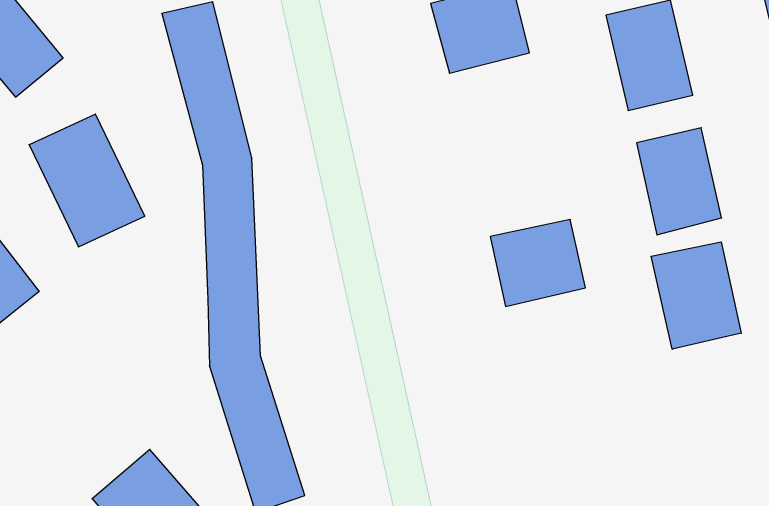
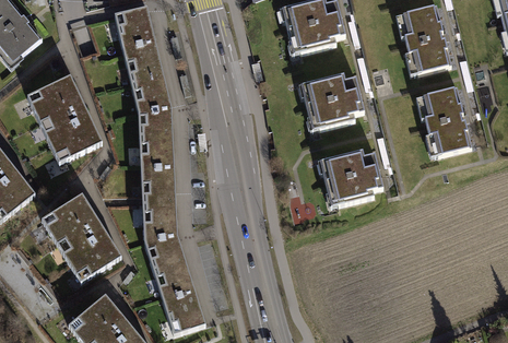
building: none -> [308,70,366,126]
building: [651,242,741,349] -> none
building: none -> [42,193,119,279]

